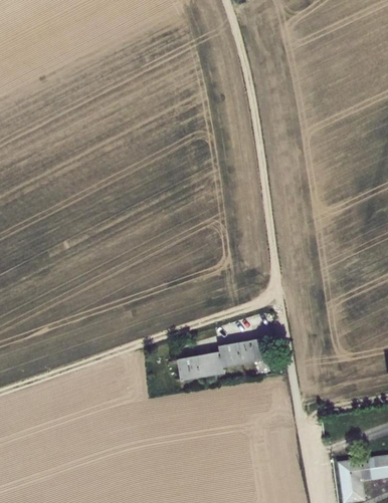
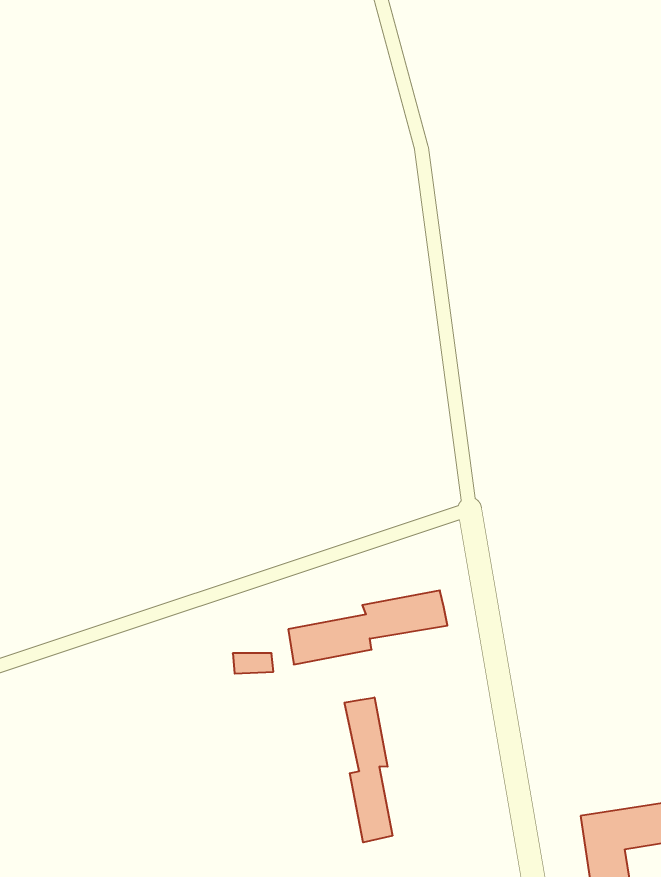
building: none -> [345,697,392,842]

